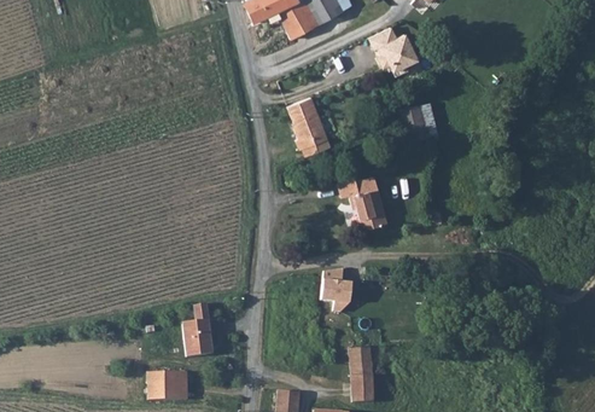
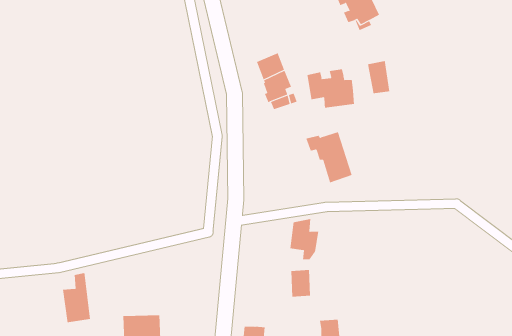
building: none -> [307,68,355,109]
building: [181,304,211,358] -> [62,272,91,323]
building: [354,352,375,381] -> [290,270,311,297]

